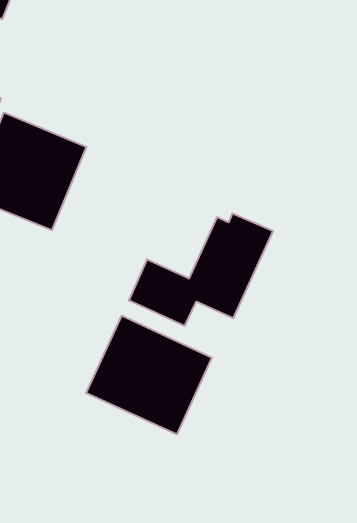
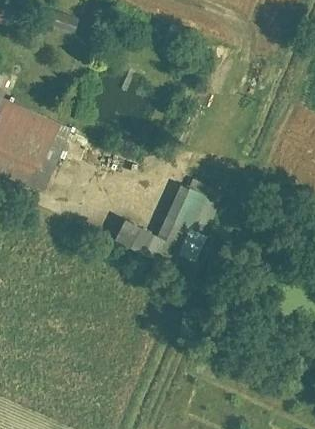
building: [86,316,212,434] -> none

